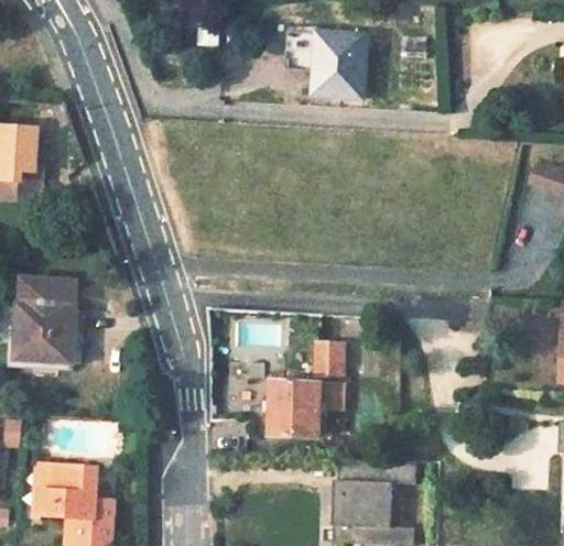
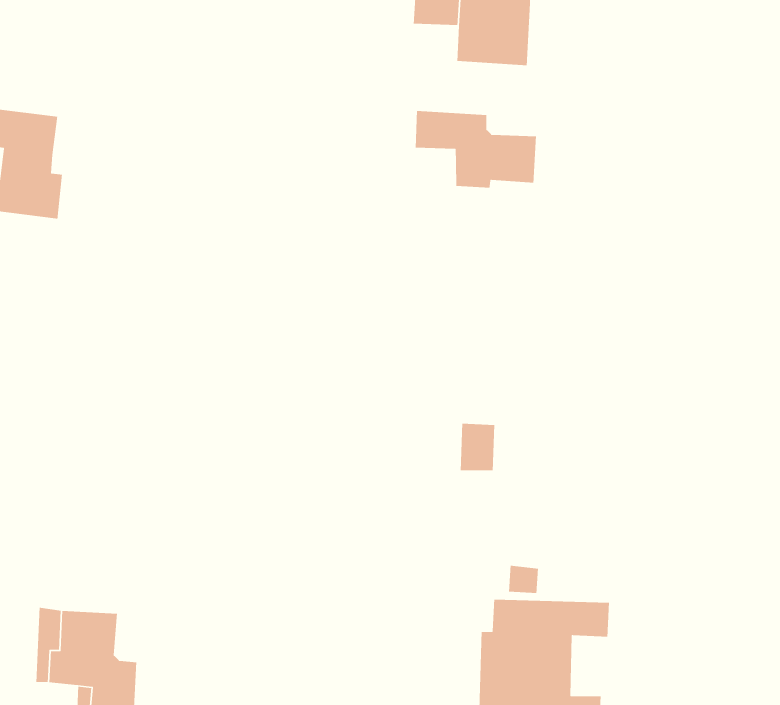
building: none -> [415,110,537,189]
building: [11,279,82,371] -> none
building: [269,380,343,434] -> none

